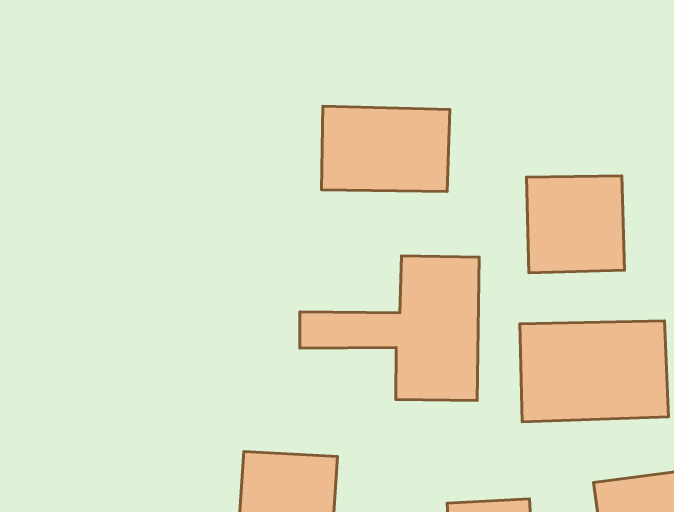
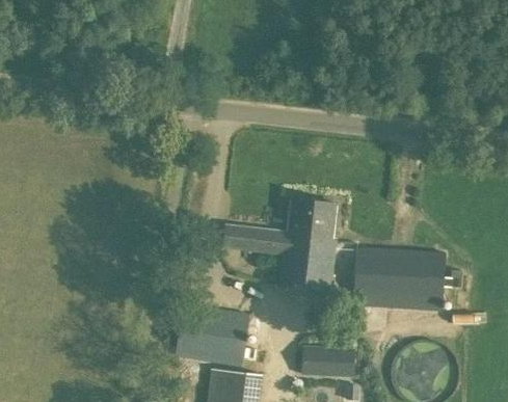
building: [322,106,450,191] -> none
building: [526,176,624,273] -> none

